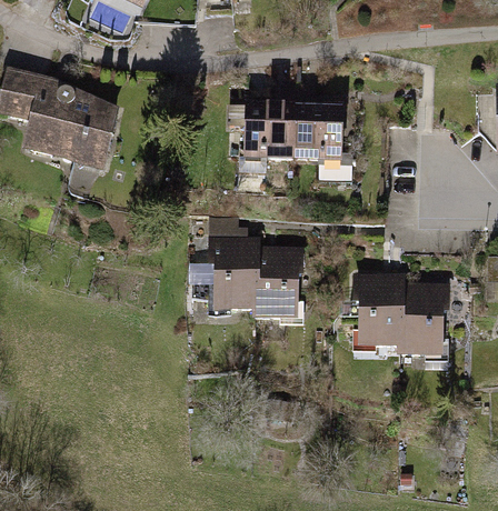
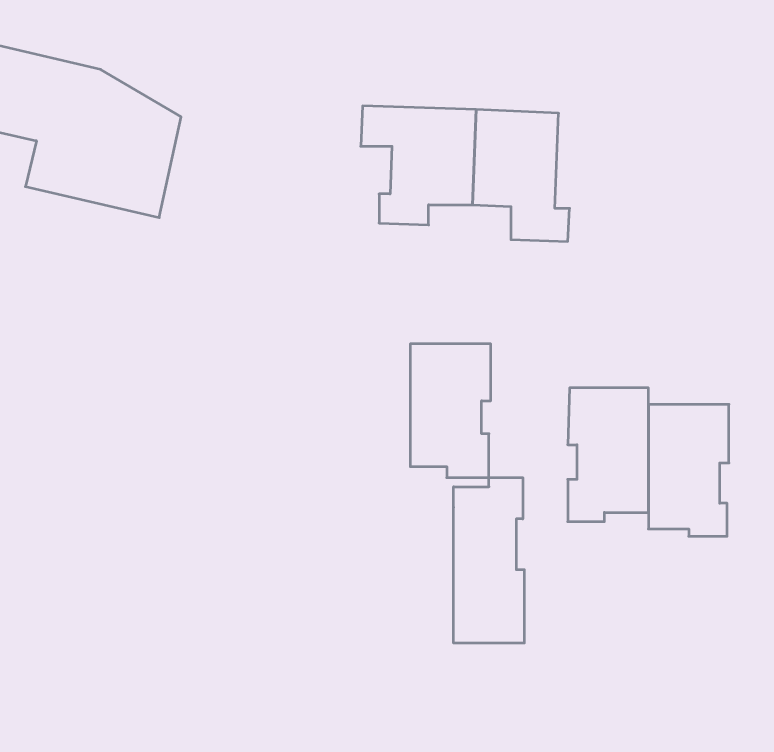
building: [188,212,256,314] -> none
building: none -> [454,478,524,643]

